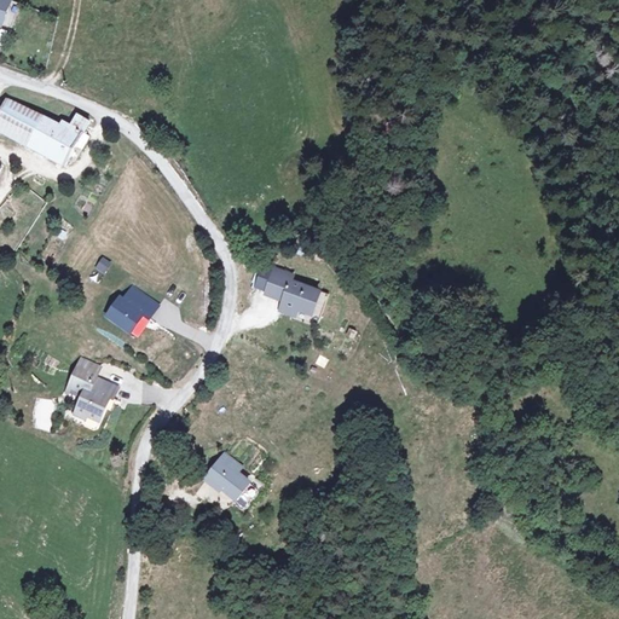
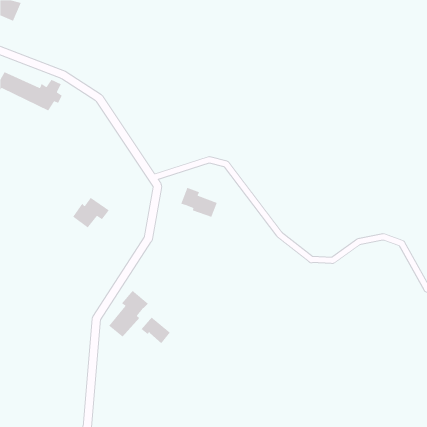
building: [65,358,115,418] -> none
building: none -> [108,290,149,337]

